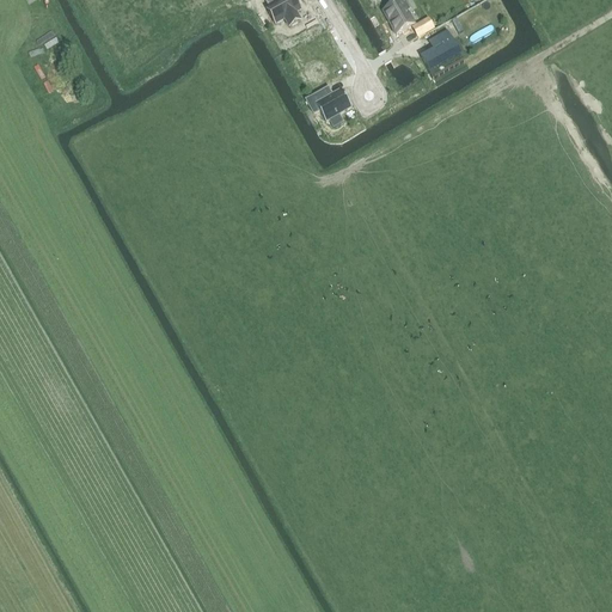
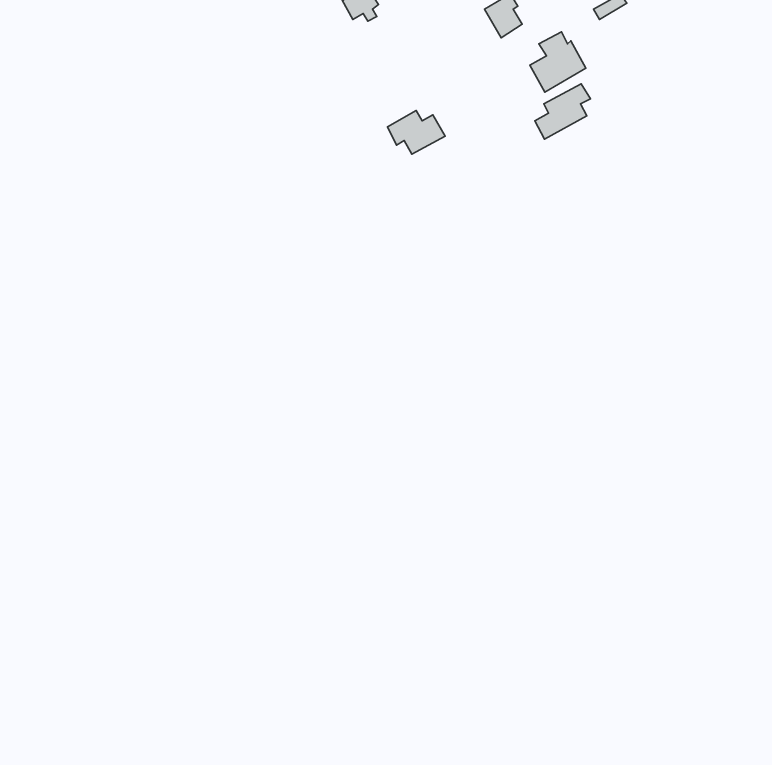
building: none -> [535,84,591,139]

